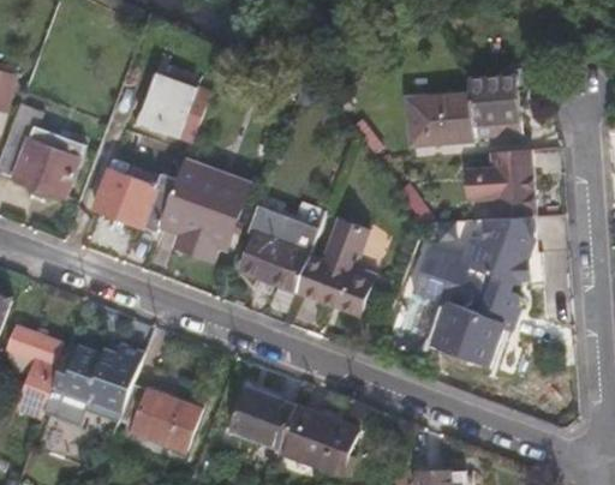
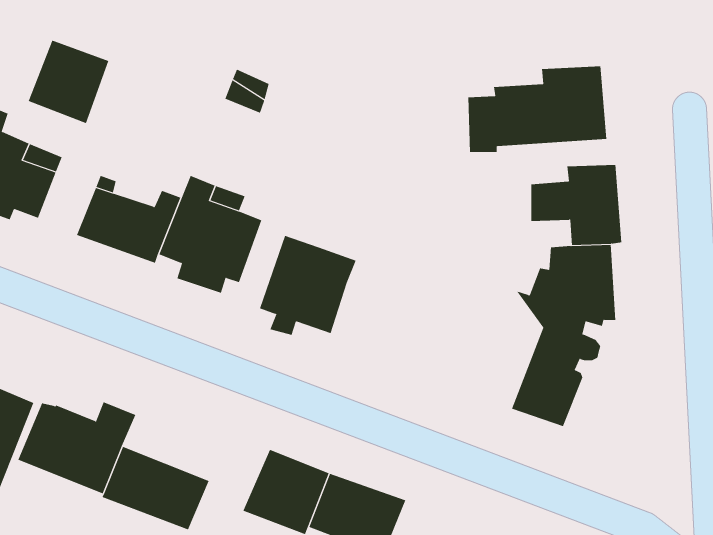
building: [147,77,211,144] -> [28,40,109,124]
building: [298,221,375,317] -> none
building: [408,249,468,351] -> none

